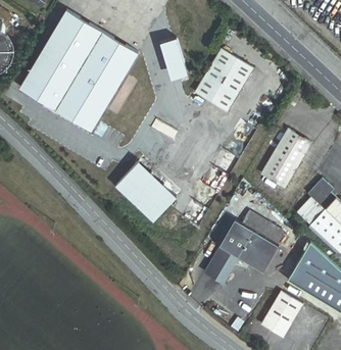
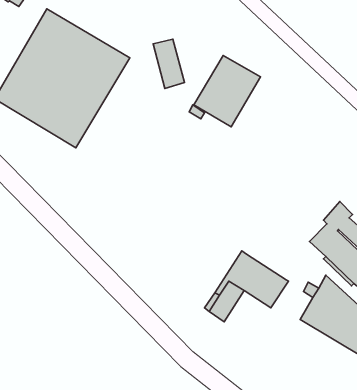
building: [260,129,311,188] -> none
building: [113,159,177,220] -> none
building: [240,210,284,246] -> none
building: [260,291,302,338] -> none

